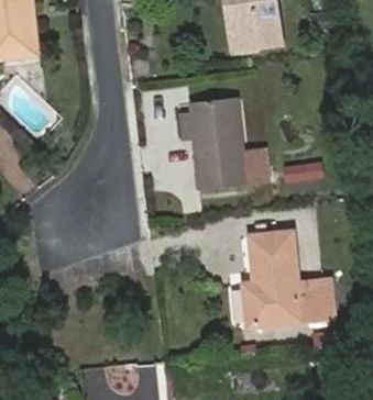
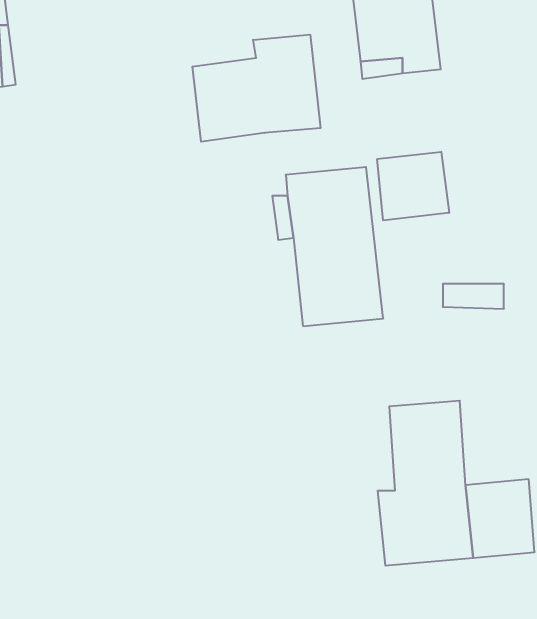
building: none -> [192,35,321,142]
building: none -> [377,152,449,220]

